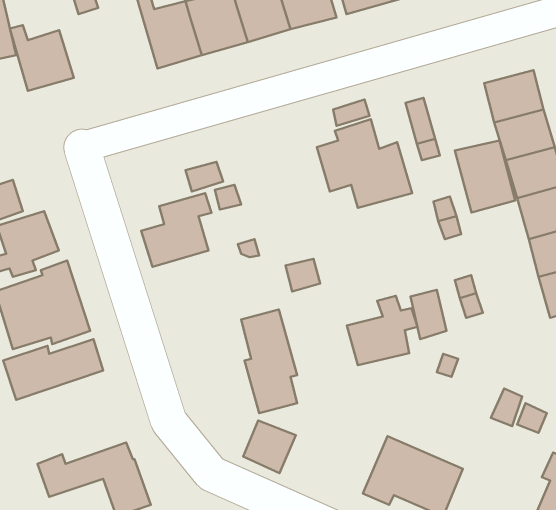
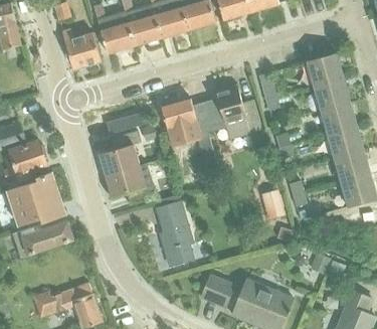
building: [10,25,74,91] -> [61,29,101,69]
building: [455,140,515,213] -> none
building: none -> [161,99,212,145]
building: none -> [104,162,156,203]
building: [347,296,417,365] -> none
building: [243,421,296,473] -> [201,276,233,308]

